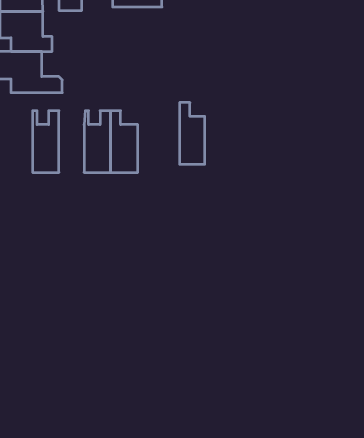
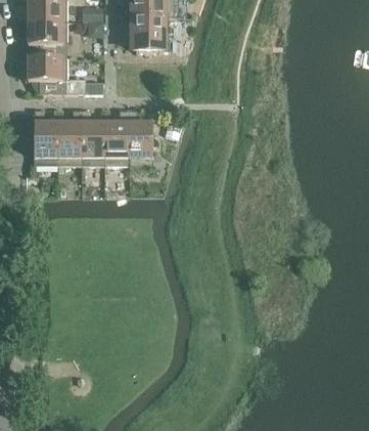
building: none -> [135,15,172,50]
building: [180,103,205,164] -> [81,109,103,164]
building: none -> [33,109,57,164]

